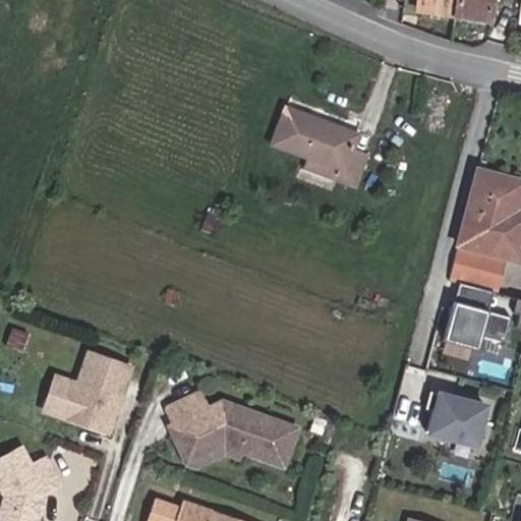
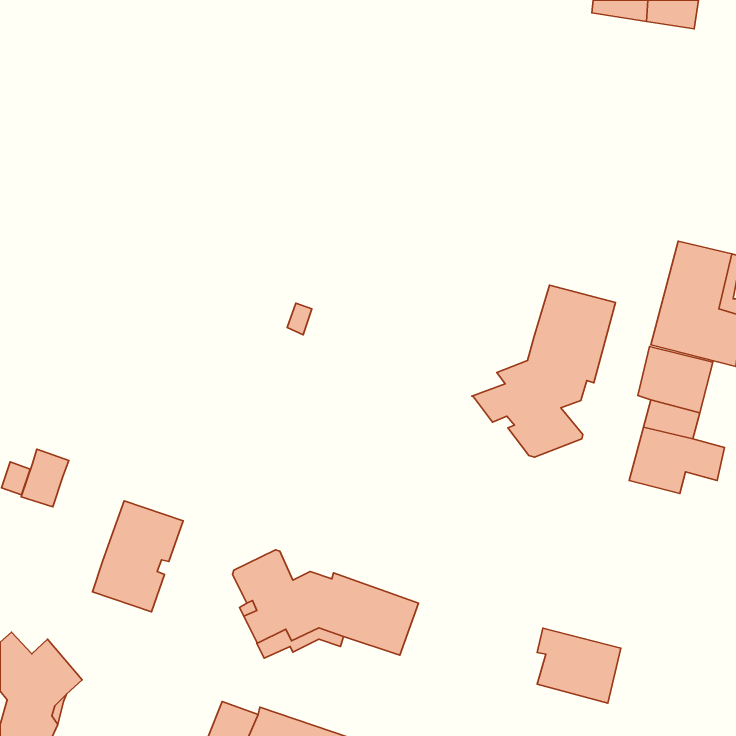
building: [274,110,367,186] -> none
building: none -> [472,285,616,457]
building: [44,378,77,418] -> [21,449,69,507]
building: [427,391,486,444] -> [537,628,621,703]

